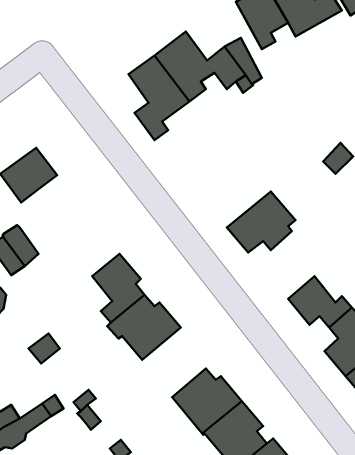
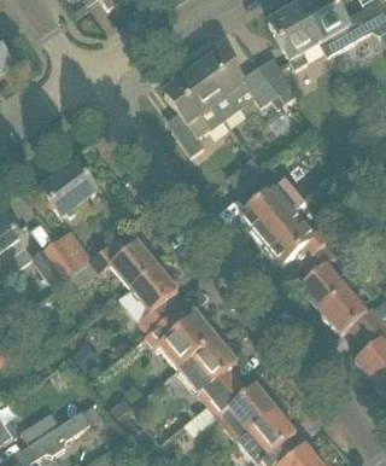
building: none -> [239,167,303,240]
building: none -> [89,240,157,287]
building: none -> [299,244,353,309]
building: none -> [179,337,240,404]

